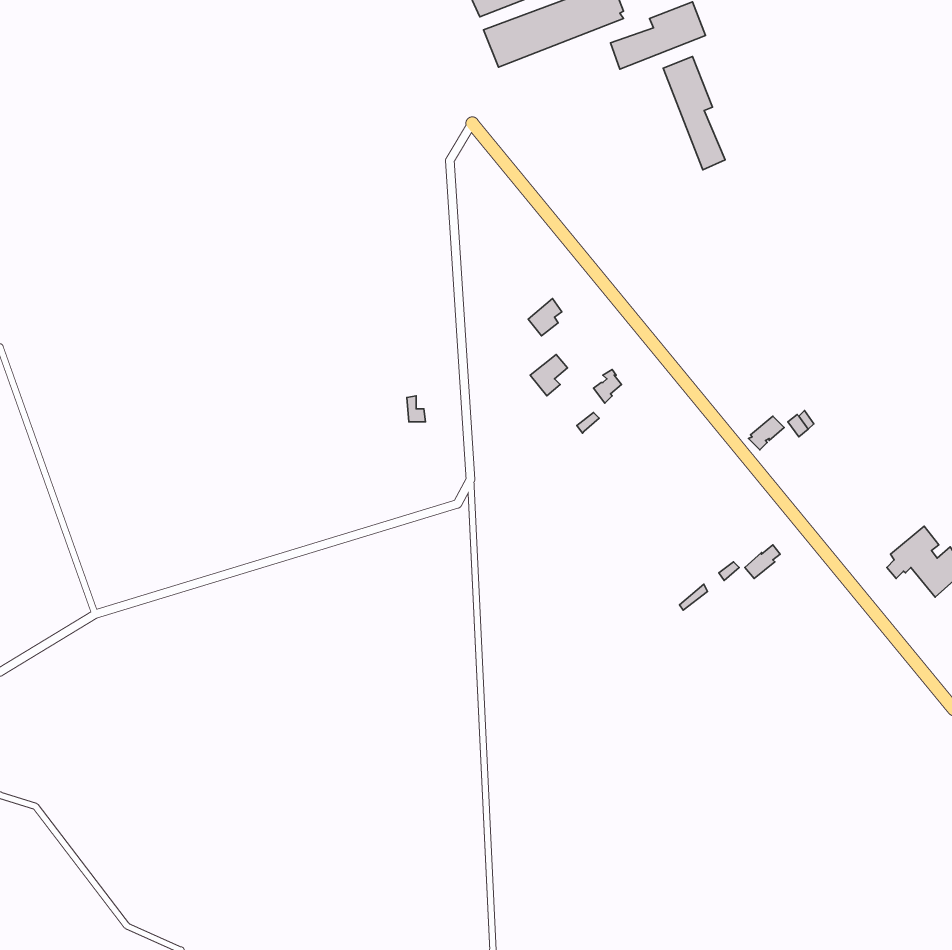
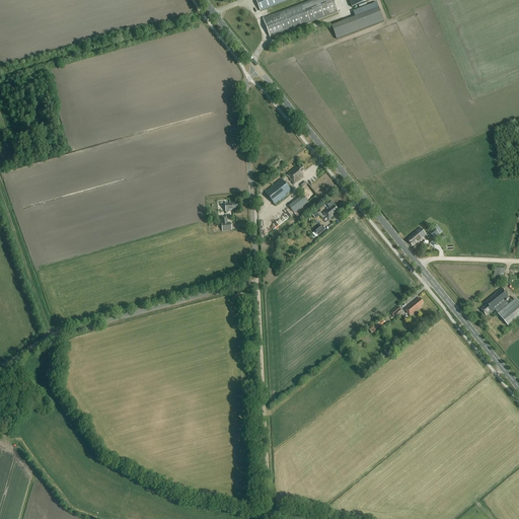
building: [663,56,725,170] -> none
building: none -> [266,177,293,204]

